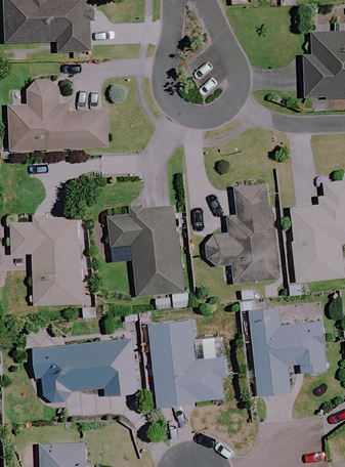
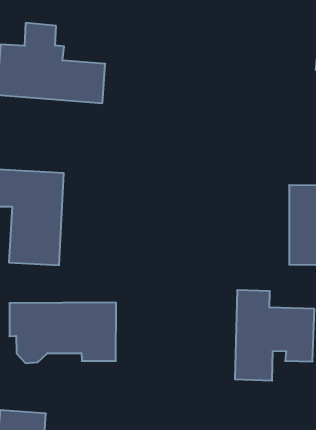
building: [211,178,283,279] -> none
building: [104,206,182,297] -> none
building: [146,319,226,406] -> none

